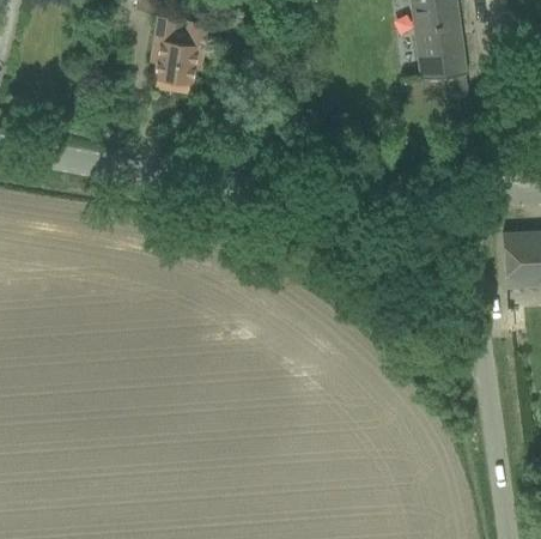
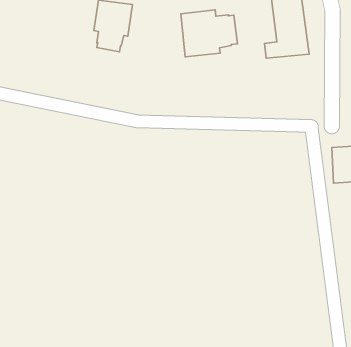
building: none -> [181,10,238,57]

